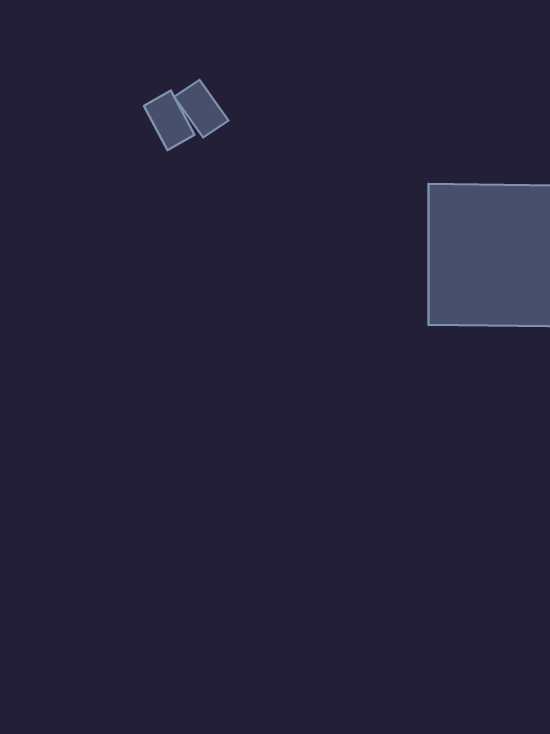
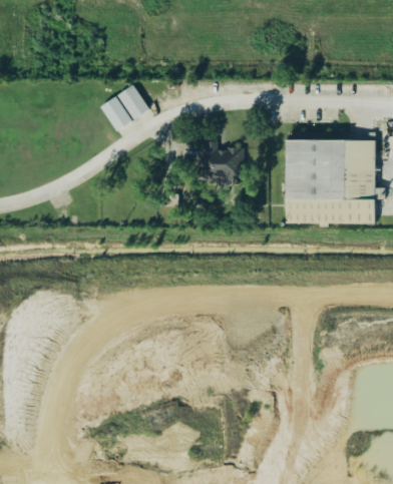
building: [174,80,228,137] -> [100,96,132,130]
building: none -> [198,141,243,187]

